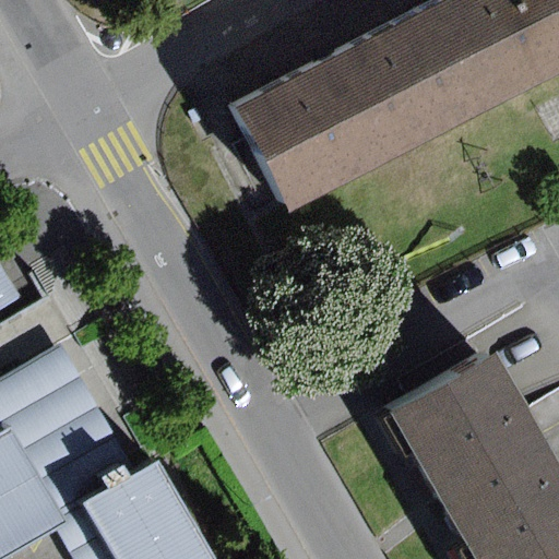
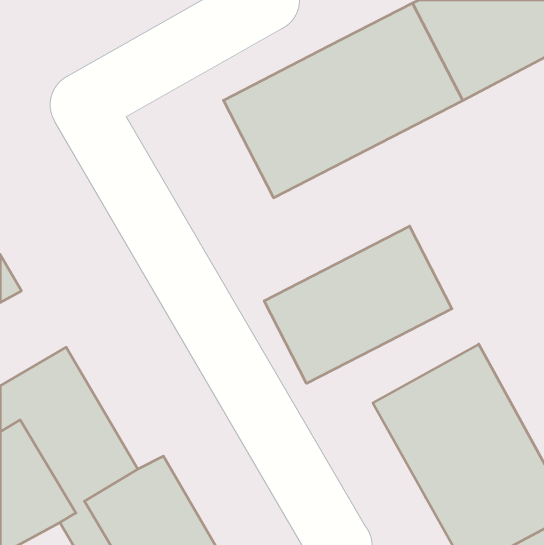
building: none -> [264,226,452,383]

